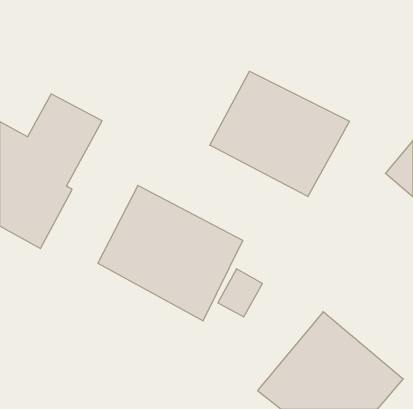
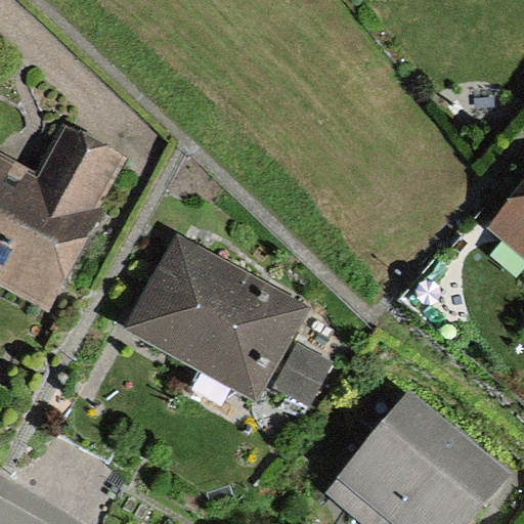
building: [210,71,349,197] -> none

